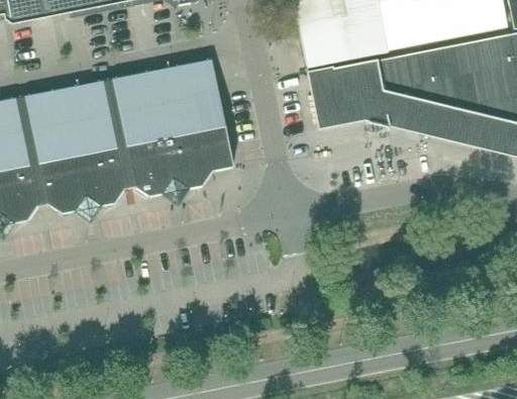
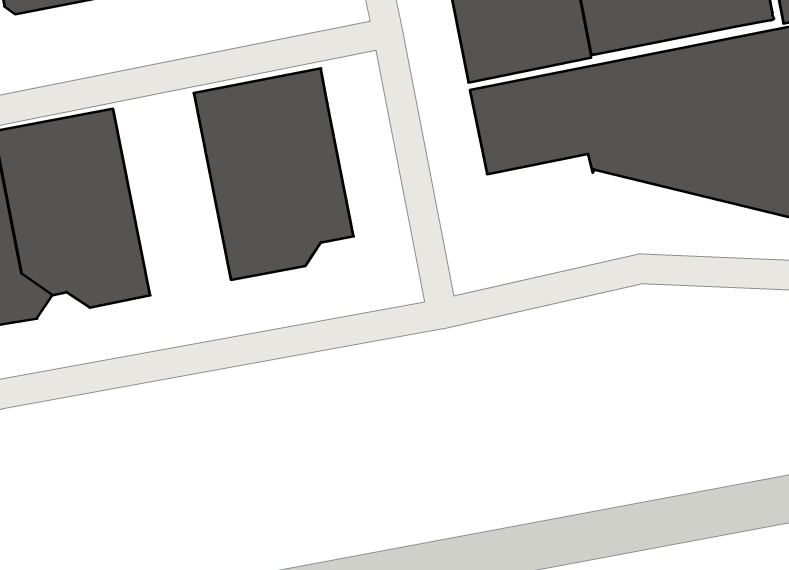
building: [76,74,152,205] -> none

